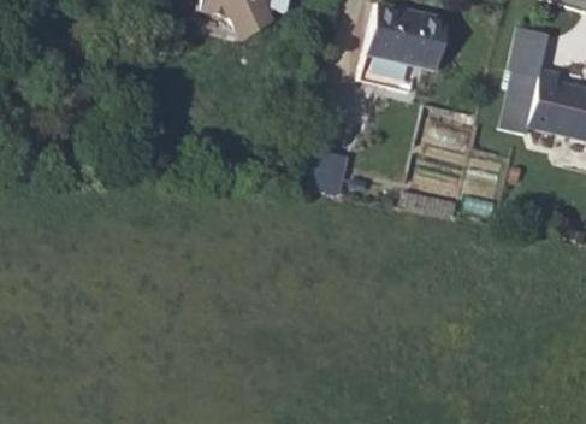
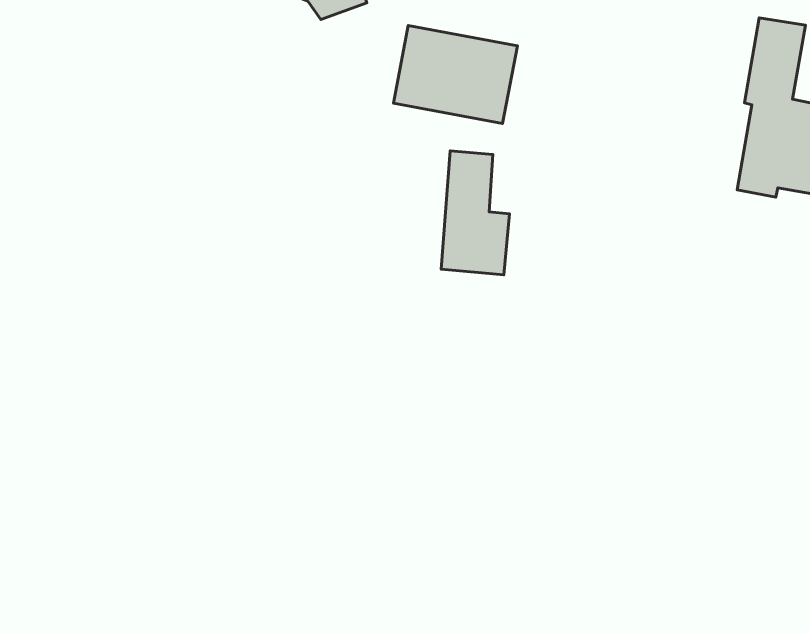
building: [367,13,448,77] -> [393,25,517,123]

